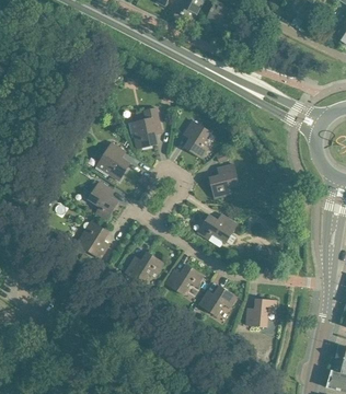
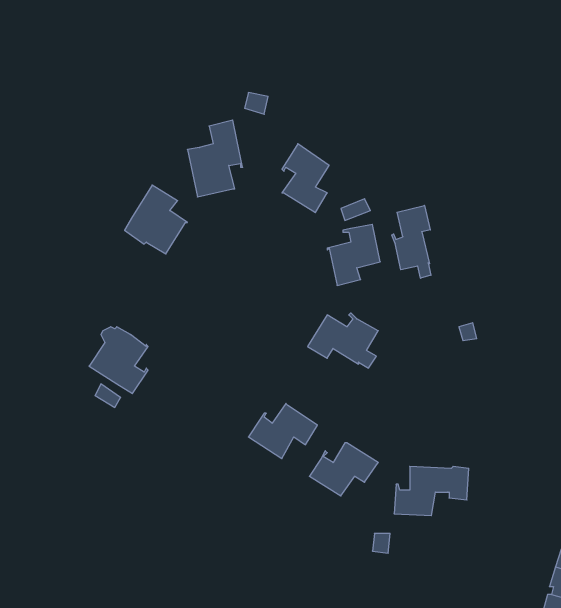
building: none -> [392,205,431,278]
building: [89,181,118,219] -> none
building: [125,252,164,283] -> none

